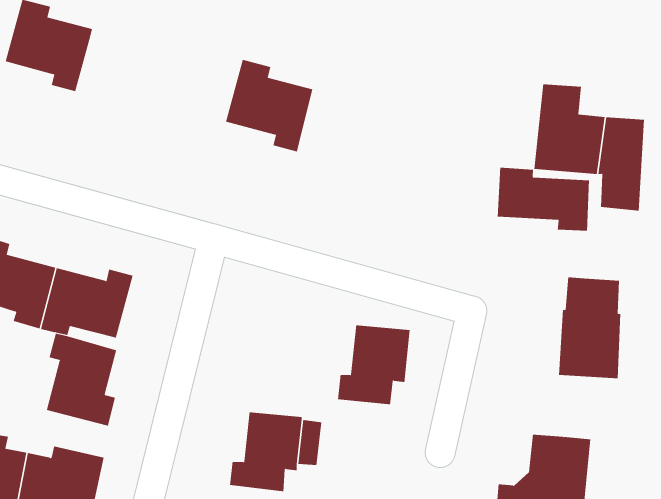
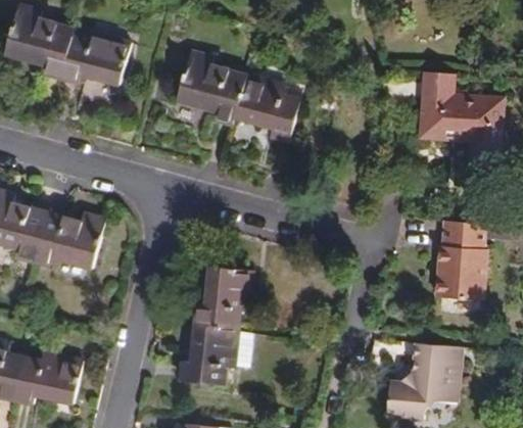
building: none -> [59,32,130,85]
building: none -> [234,75,299,139]
building: [497,167,589,232] -> none
building: [337,325,410,405] -> [194,268,251,330]
building: [46,333,117,426] -> none

